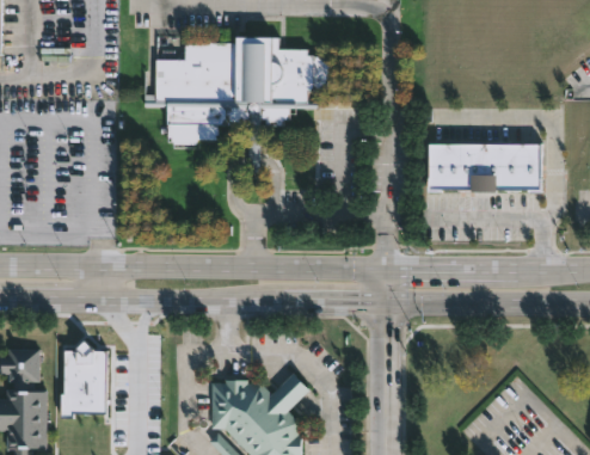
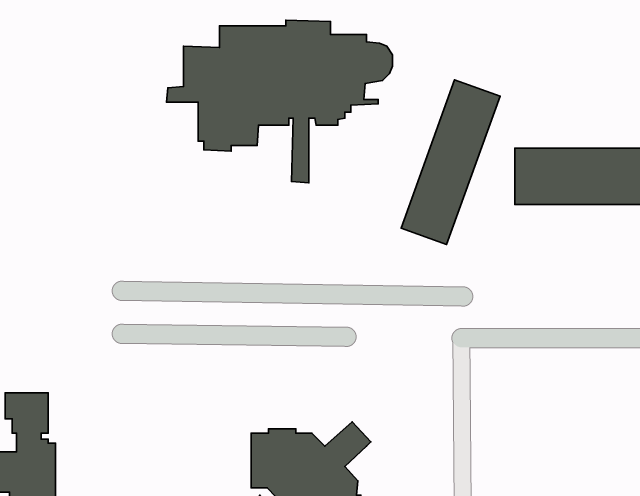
building: none -> [401,80,500,245]
building: [63,349,106,418] -> none

